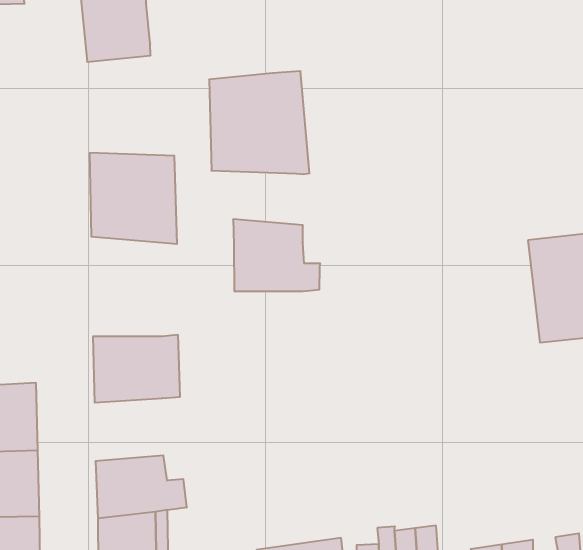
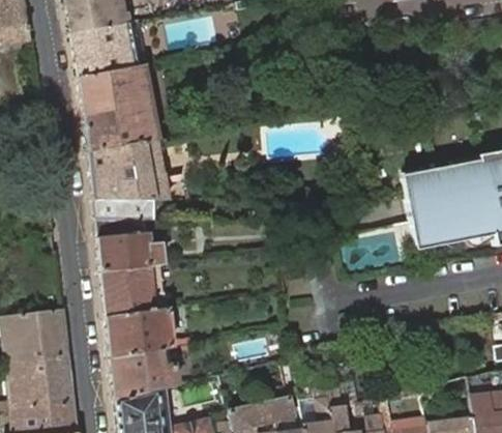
building: [209,71,310,174] -> [81,65,157,141]
building: [233,219,320,291] -> [96,220,161,270]
building: none -> [107,308,172,358]

